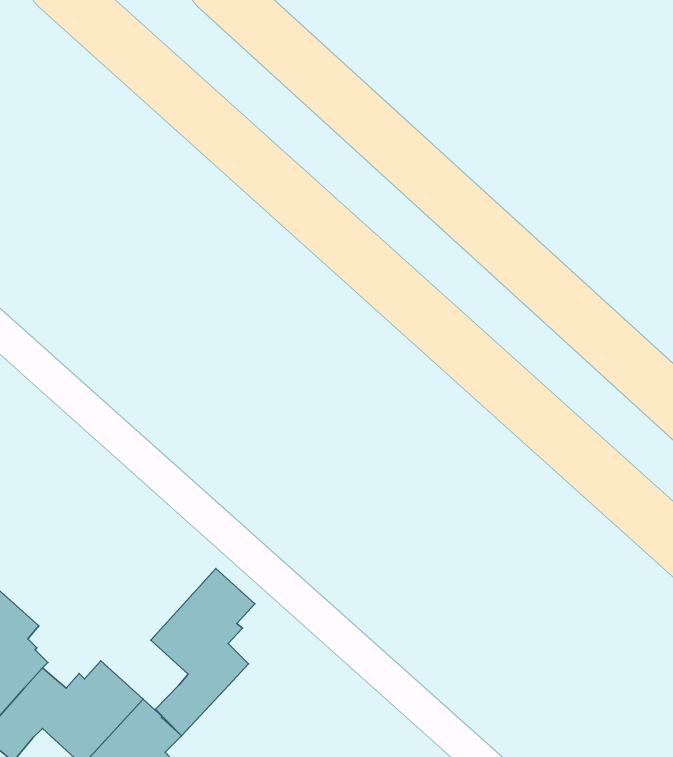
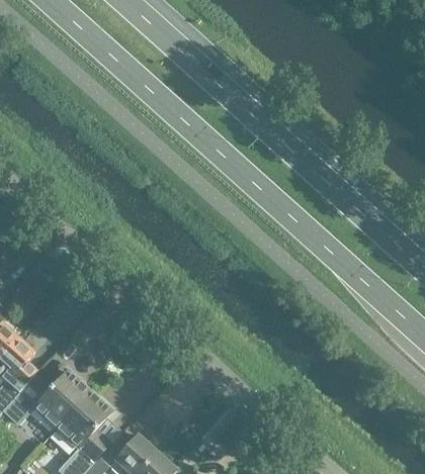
building: [151,568,255,736] -> none

